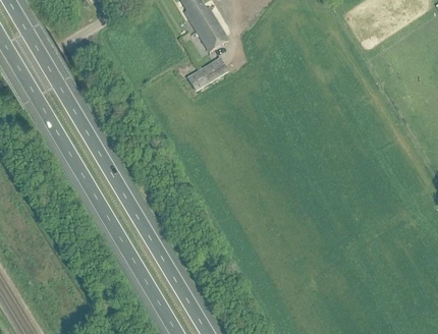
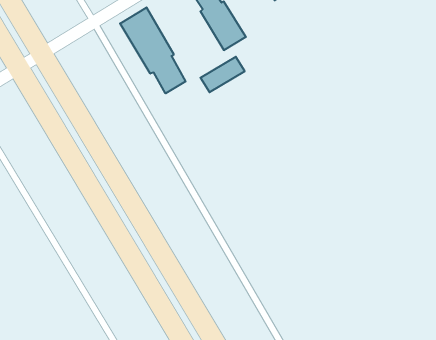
building: none -> [120,7,186,93]

